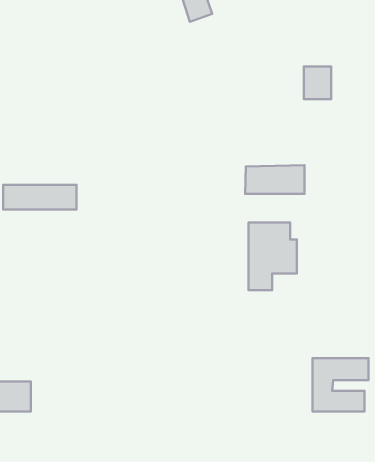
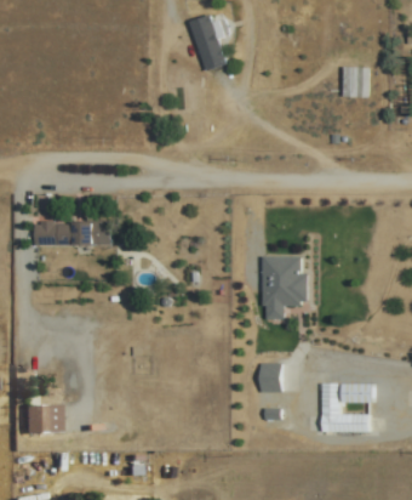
building: [304,67,331,99] -> [345,67,371,97]
building: [245,165,305,194] -> none
building: none -> [262,364,282,392]

